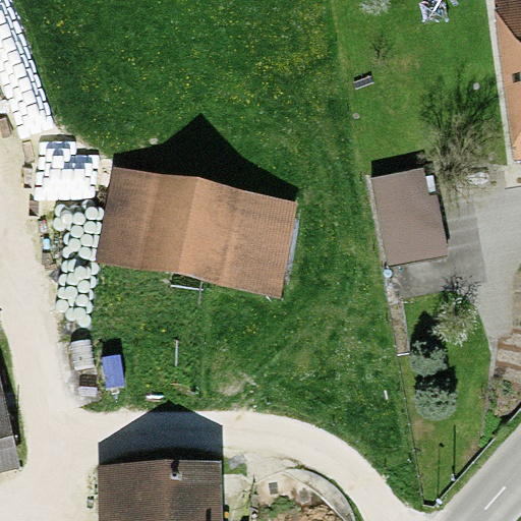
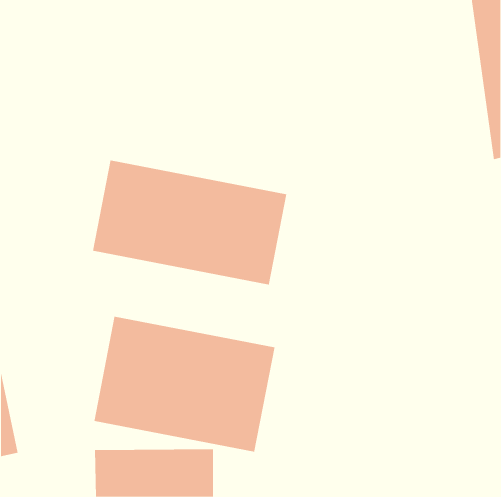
building: [372,168,448,266] -> none
building: none -> [94,316,275,452]

